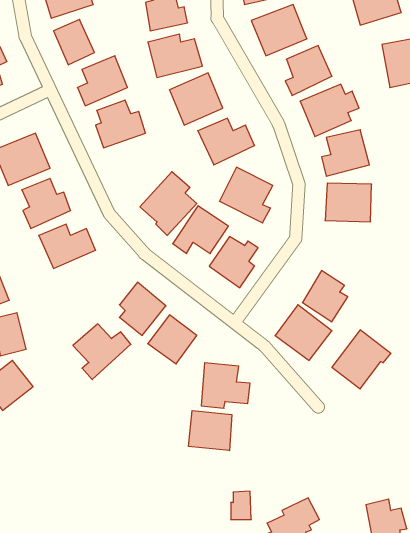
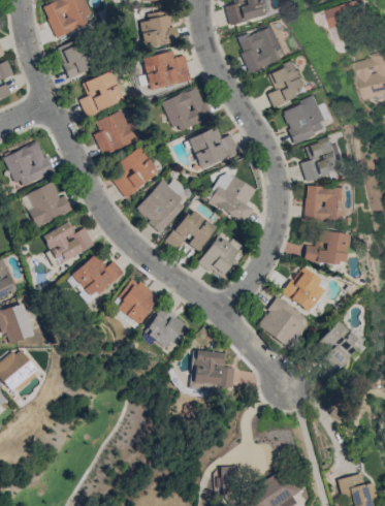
building: none -> [113,146,160,197]
building: none -> [303,230,347,264]
building: [73,324,131,380] -> [70,253,123,304]
building: [189,411,232,451] -> none

